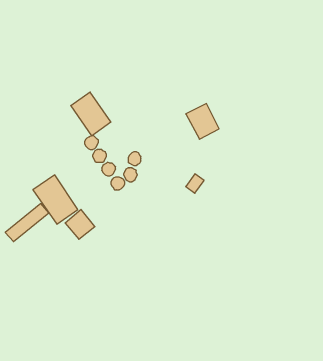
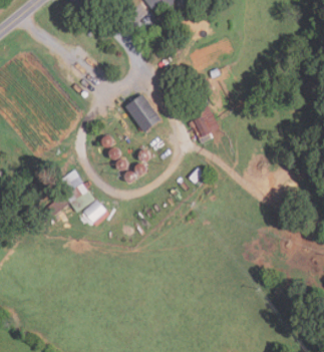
building: [71,92,111,136] -> [124,94,159,132]

